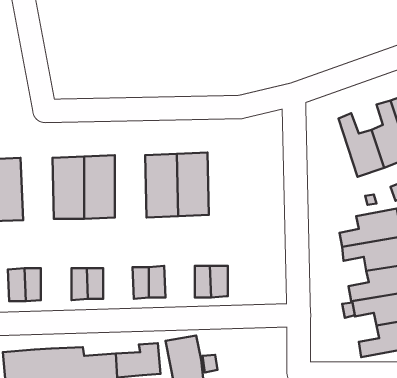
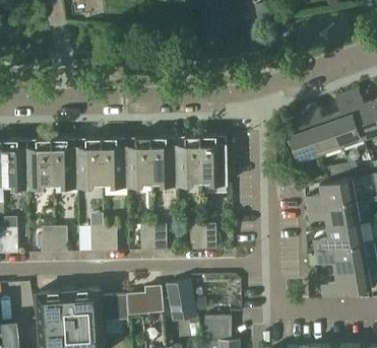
building: none -> [289,107,320,160]
building: none -> [200,134,227,184]
building: none -> [126,136,151,186]
building: none -> [51,138,77,188]

